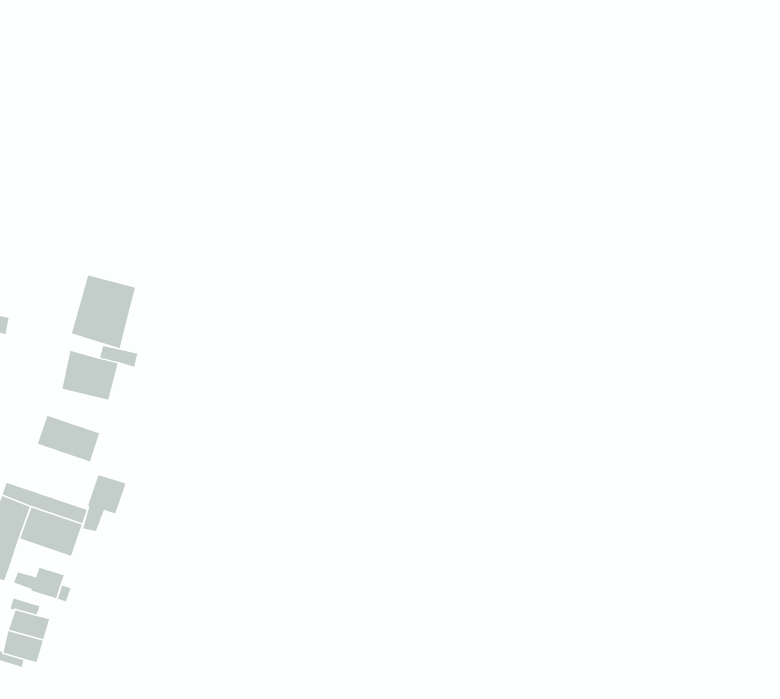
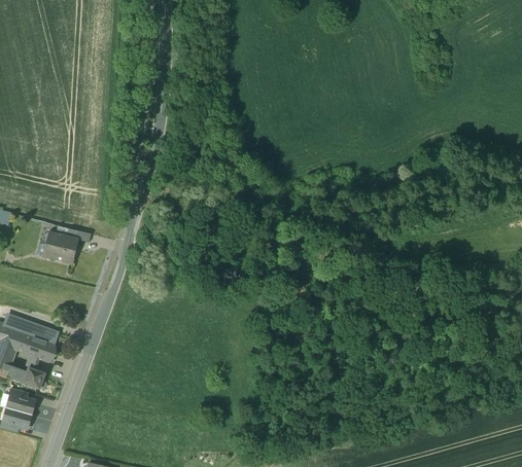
building: [71,275,136,349] -> none
building: [37,415,100,462] -> none
building: [82,474,127,532] -> none

